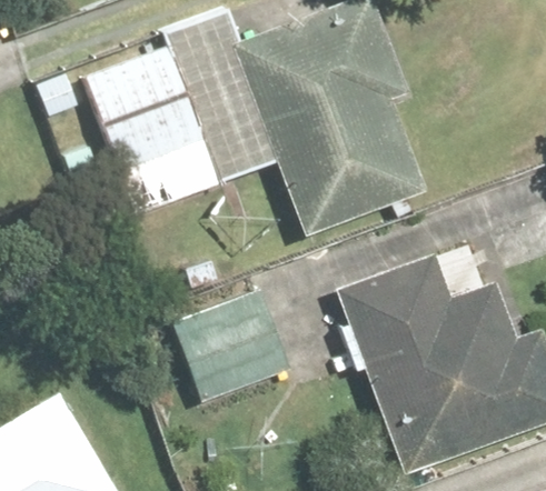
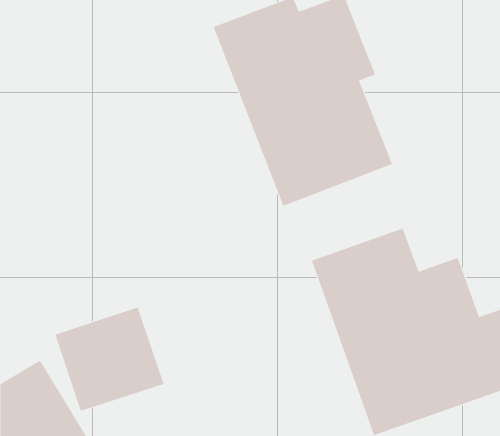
building: [92,47,226,214] -> none
building: [178,292,294,402] -> [55,307,165,412]

